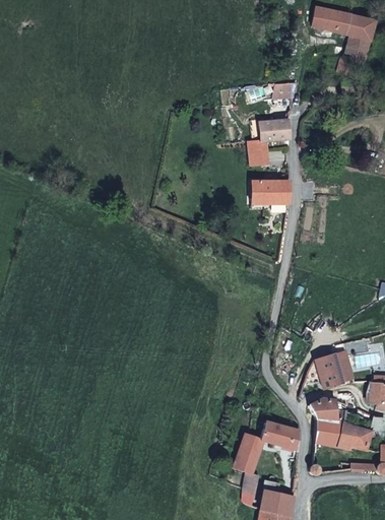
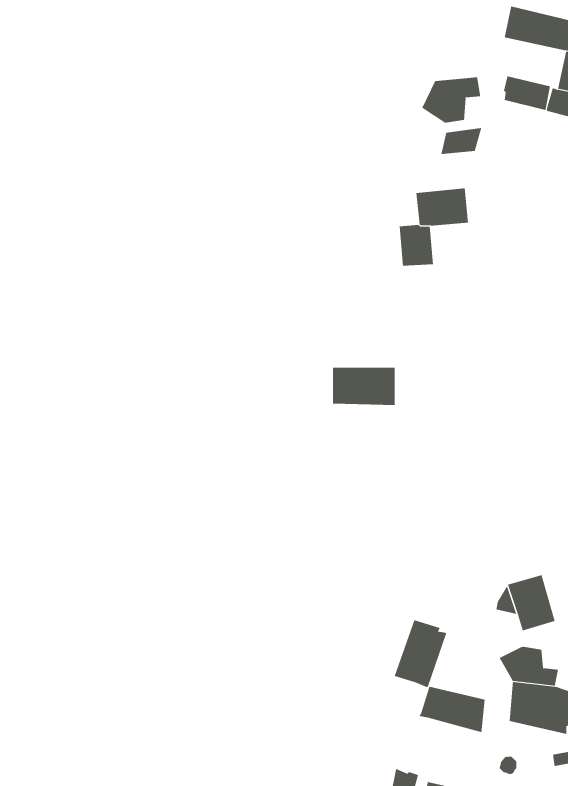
building: none -> [503,75,551,111]
building: none -> [422,76,481,123]
building: [252,181,291,204] -> [332,367,395,406]
building: [233,433,265,474] -> [394,620,447,688]

